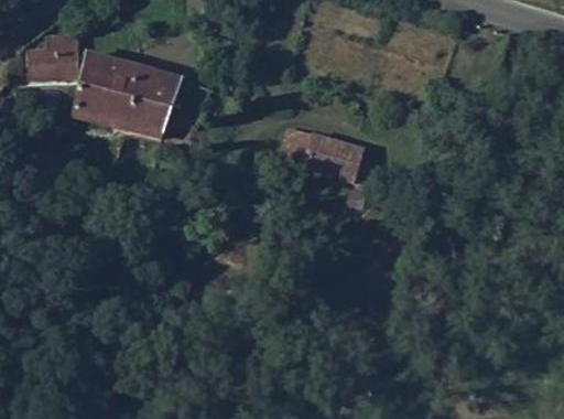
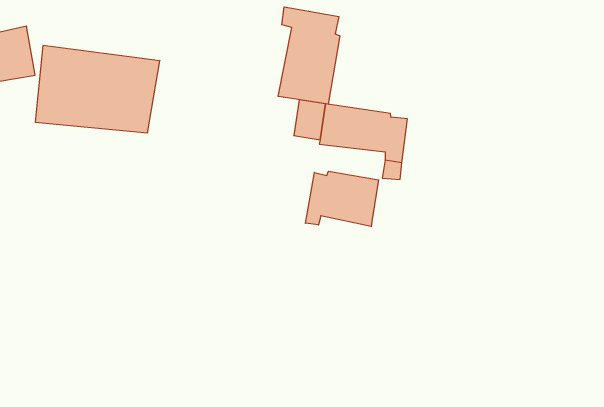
building: none -> [278,7,340,104]
building: none -> [305,171,379,227]

